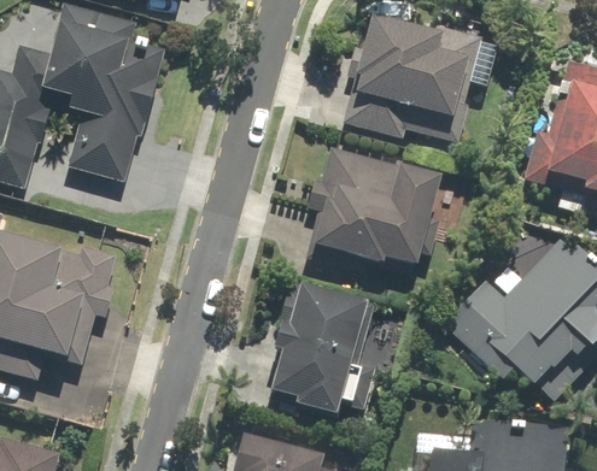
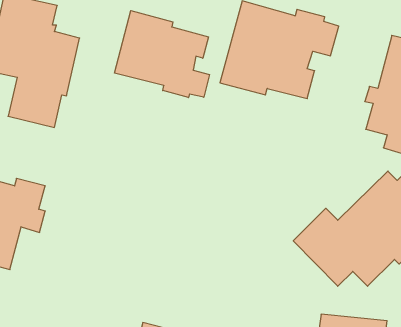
building: none -> [115,11,209,98]
building: [308,147,440,272] -> none
building: [271,282,369,416] -> none

